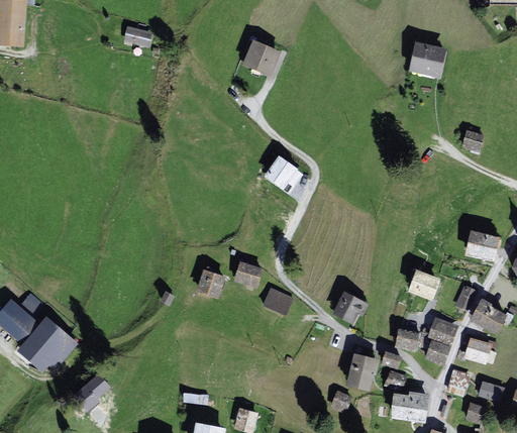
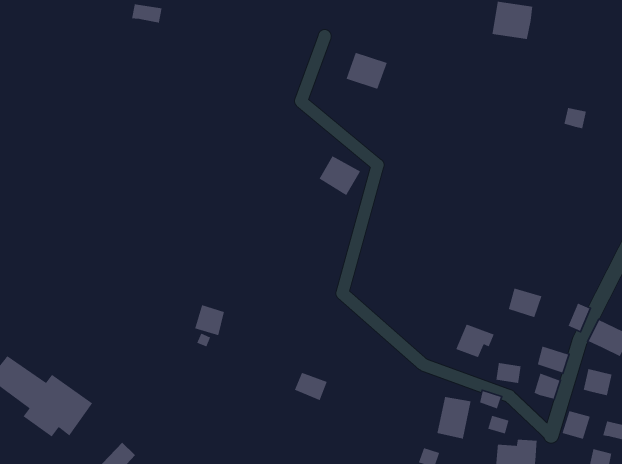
building: [245,41,280,73] -> [345,52,388,90]
building: [467,231,498,257] -> none
building: [236,262,262,285] -> none
building: [198,269,223,296] -> [194,304,225,336]
building: [265,289,292,313] -> [294,372,328,401]
building: [334,293,367,321] -> [455,323,495,358]

